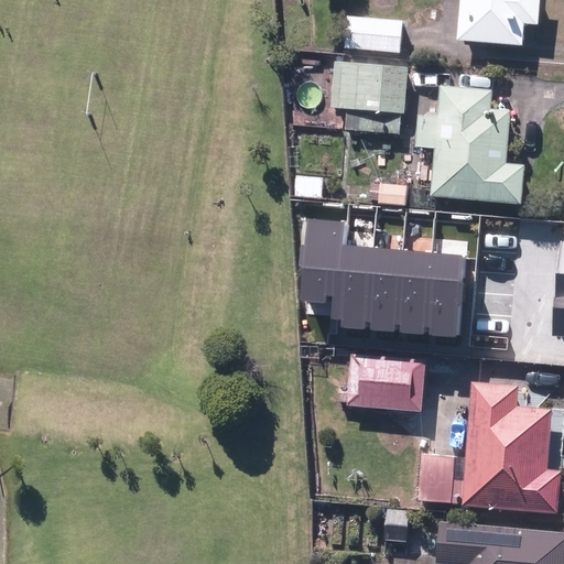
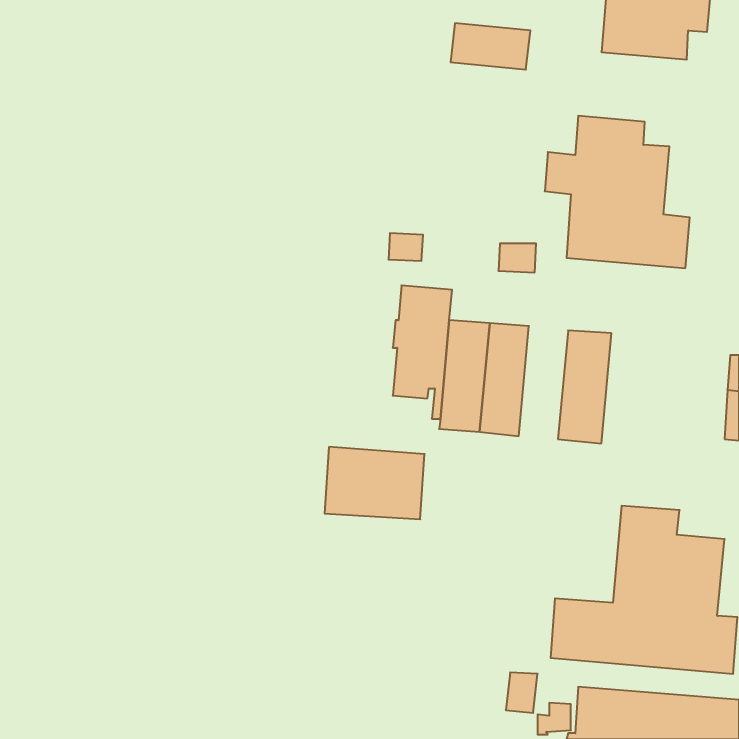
building: [332,63,406,135] -> none
building: [394,248,432,334] -> none
building: [348,355,424,410] -> [325,447,425,519]

